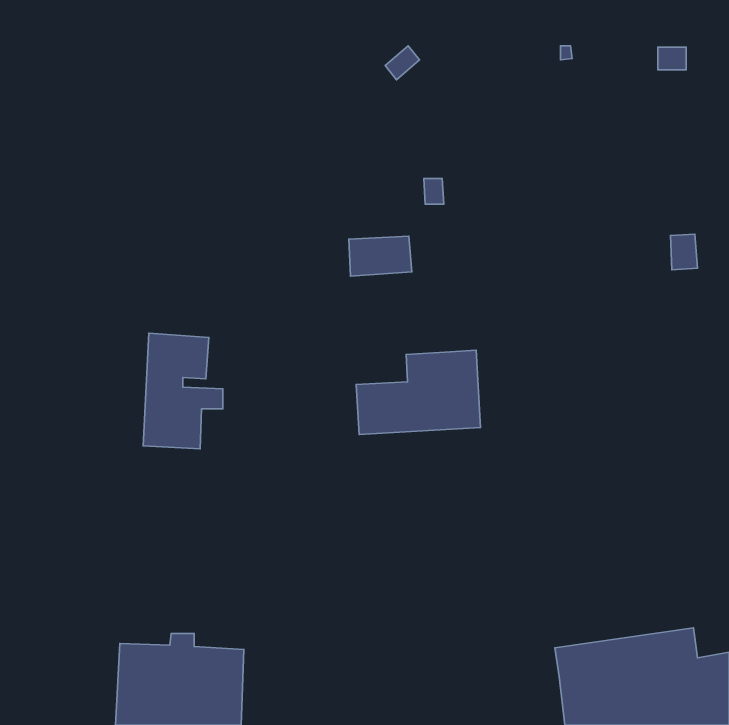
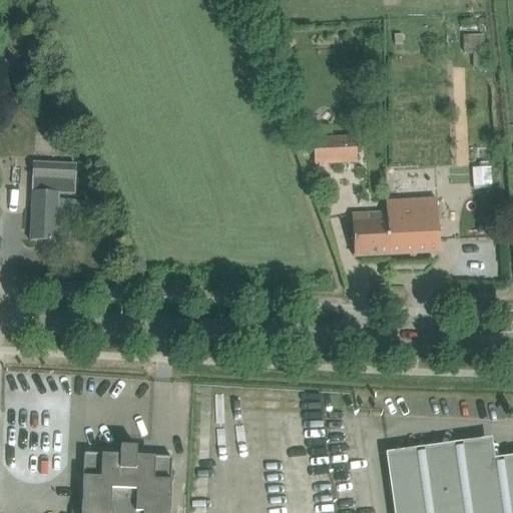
building: [349,236,412,276] -> [314,134,358,162]
building: [143,333,223,449] -> [29,159,85,240]
building: [356,350,480,435] -> [352,196,439,255]

